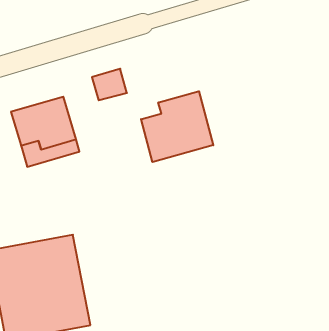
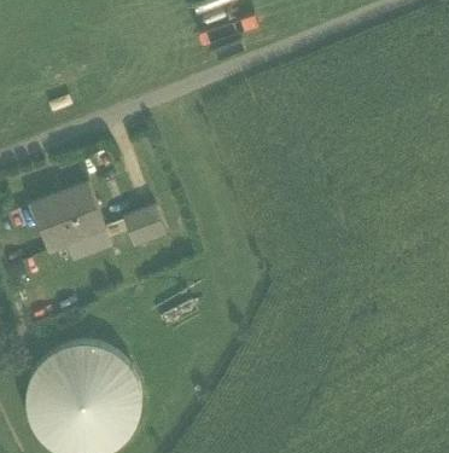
building: [92,69,127,100] -> [117,205,158,243]
building: [141,91,213,162] -> none

